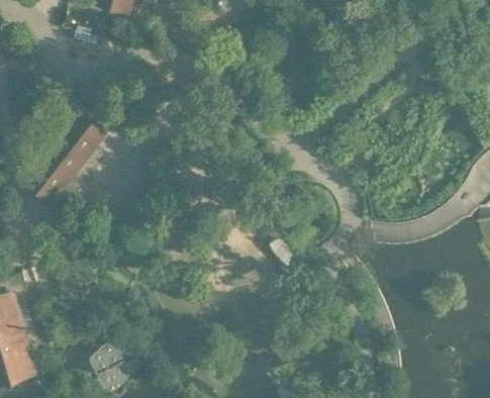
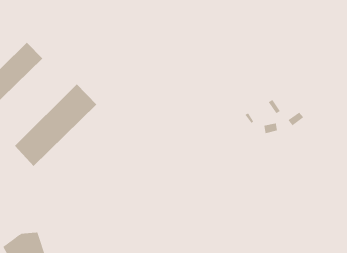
building: none -> [14,84,97,167]

